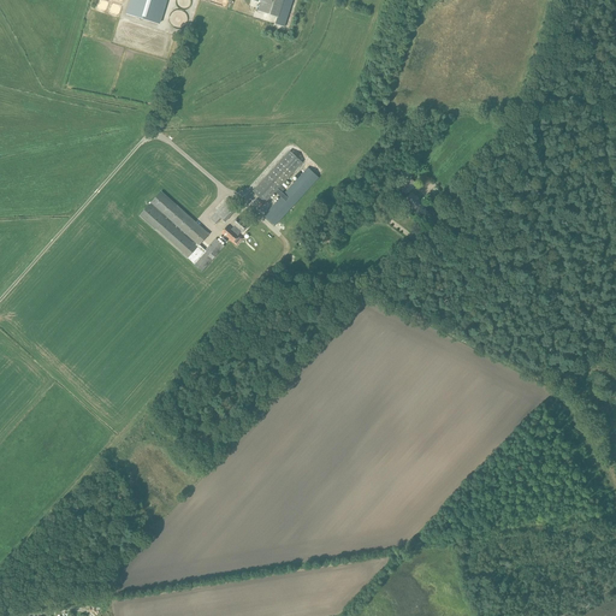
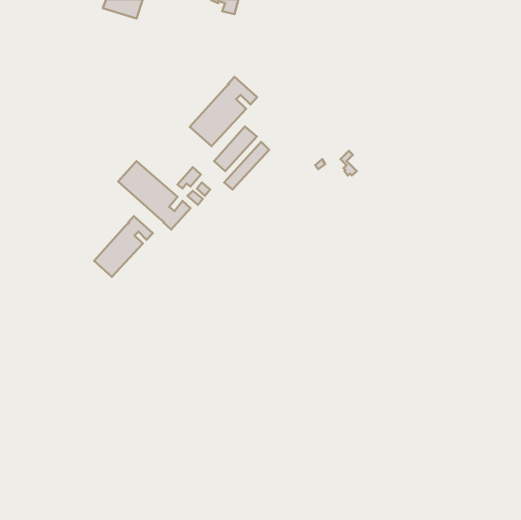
building: none -> [190,77,257,146]
building: none -> [94,216,153,277]

